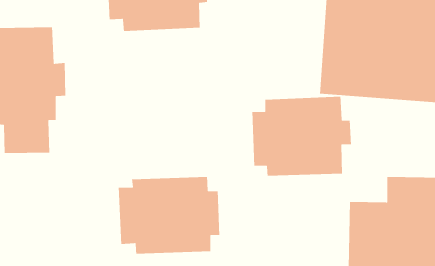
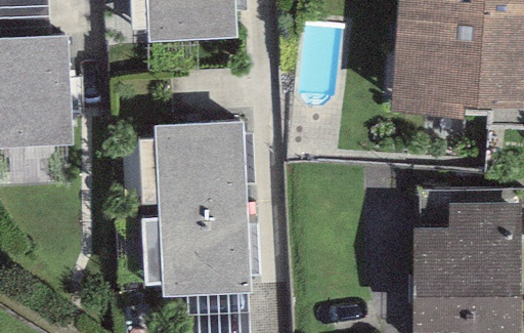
building: [251,96,352,177] -> none
building: none -> [140,120,256,208]

